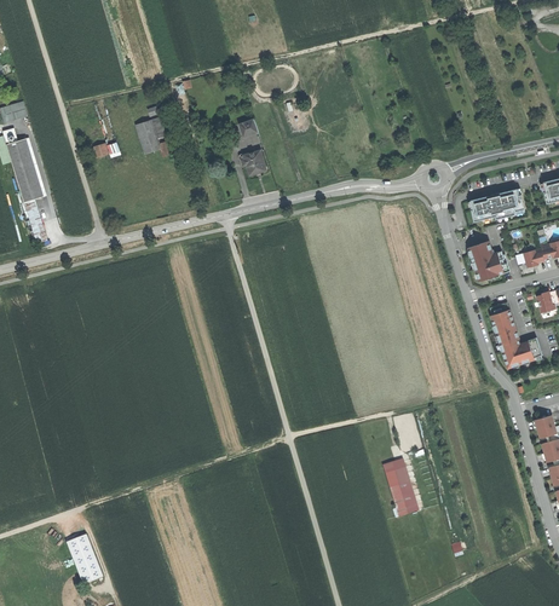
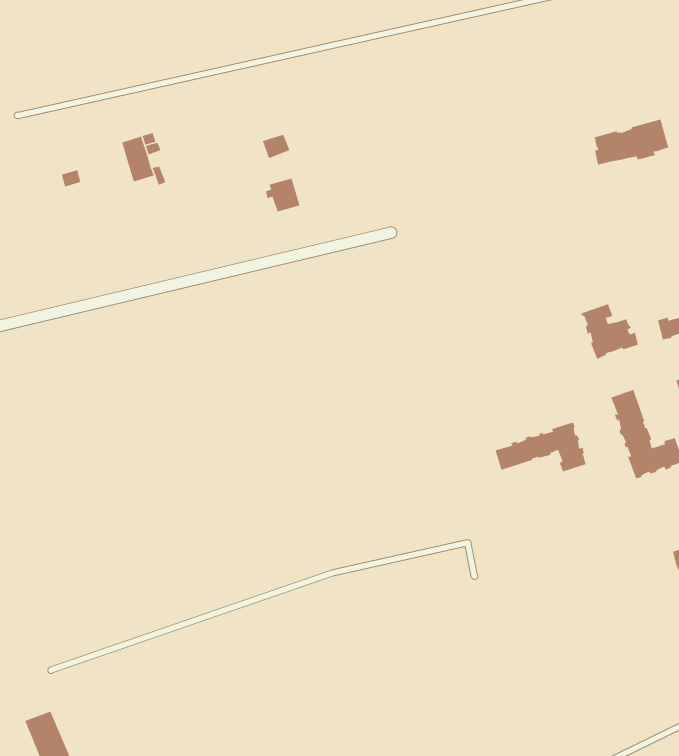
building: [472,187,526,221] -> [594,118,669,165]
building: none -> [494,421,587,473]
building: [384,458,419,515] -> none

